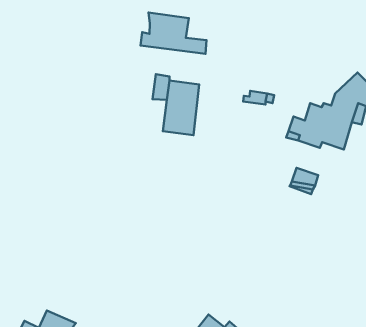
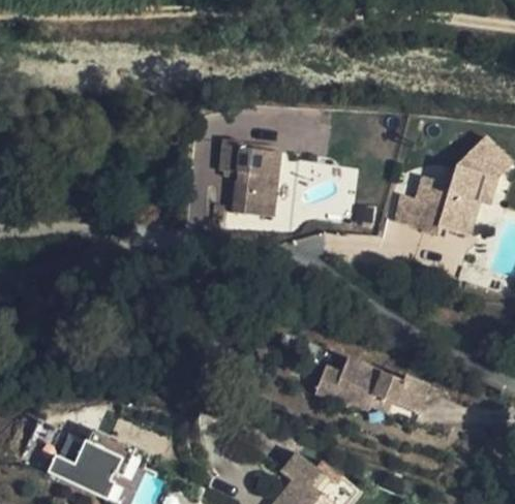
building: [140,12,207,54] -> none
building: none -> [314,355,429,413]

